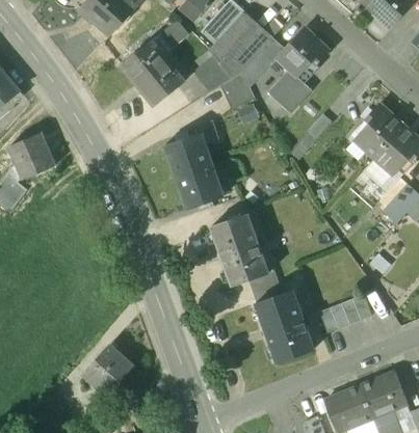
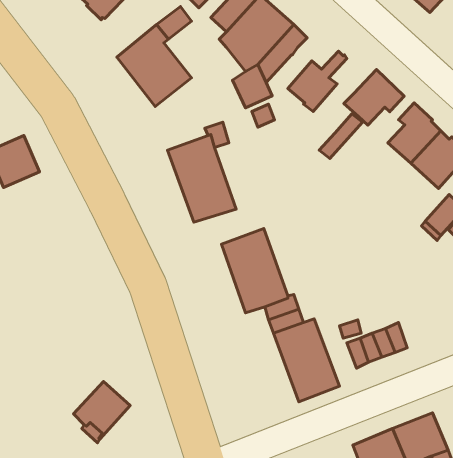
building: [277,28,329,76] -> [344,70,404,125]
building: [194,57,232,91] -> none

